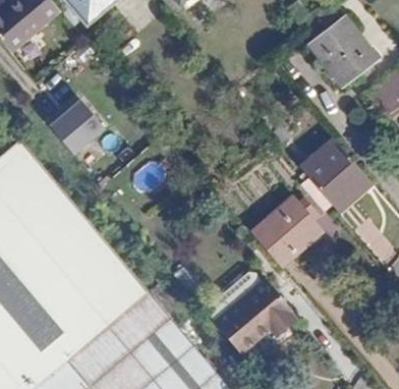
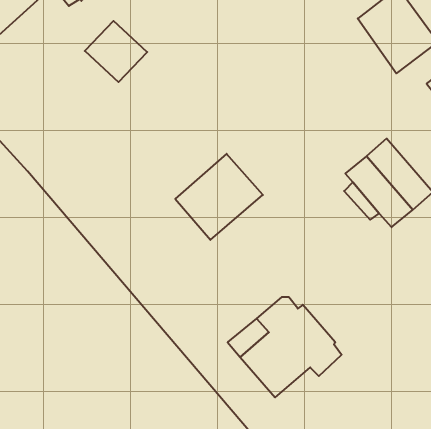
building: [59,97,110,147] -> [85,21,147,82]
building: [251,199,323,269] -> [175,154,263,240]

